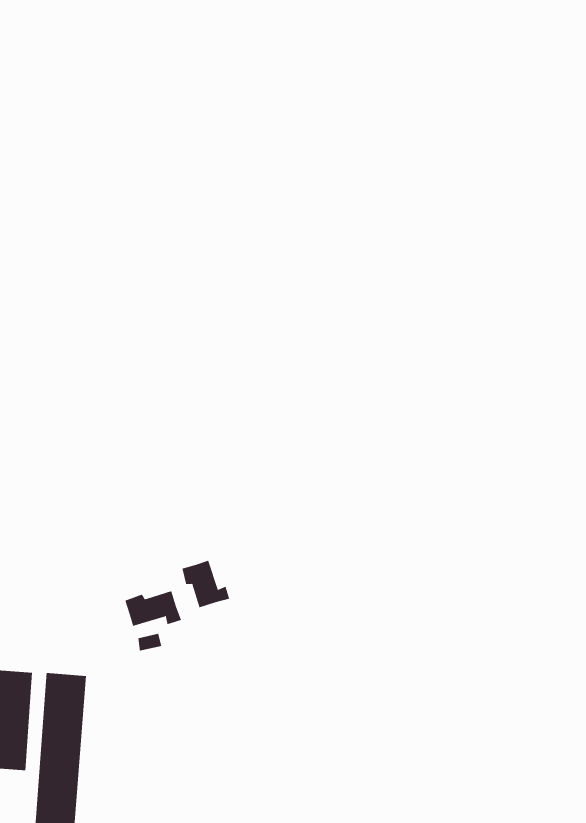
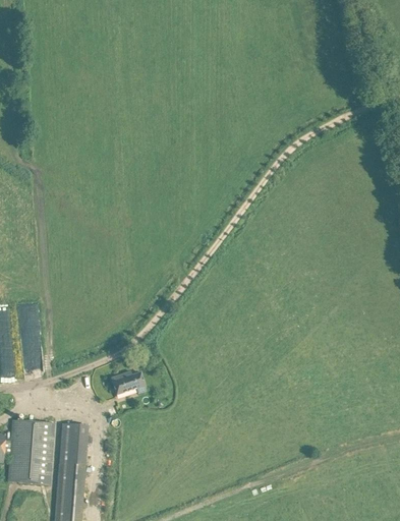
building: [182,560,230,608] -> none

